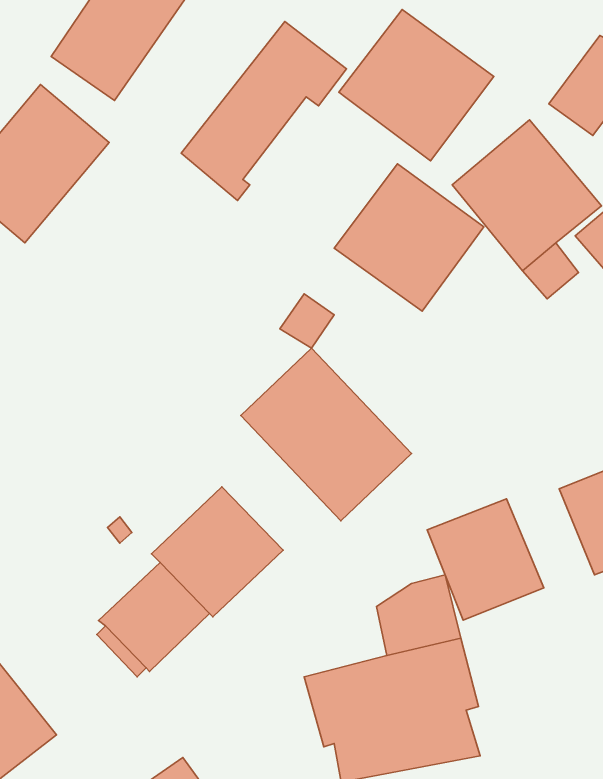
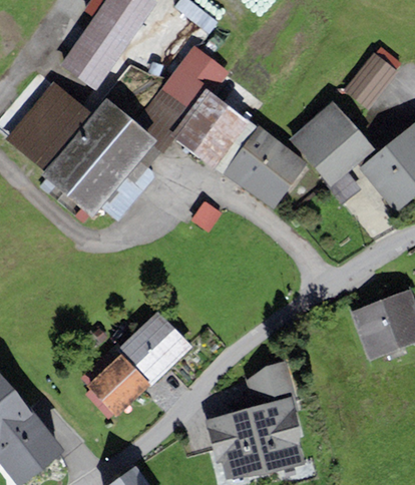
building: [339,10,494,161] -> [169,88,258,174]
building: none -> [42,97,166,216]
building: [241,348,411,521] -> none
building: [427,499,544,620] -> none

